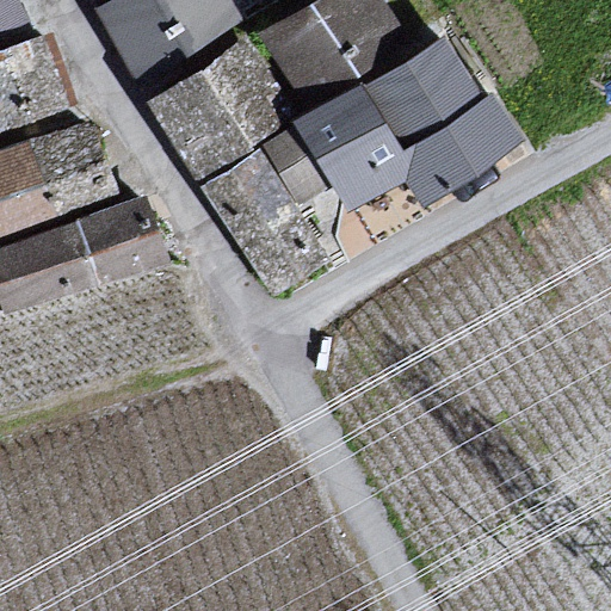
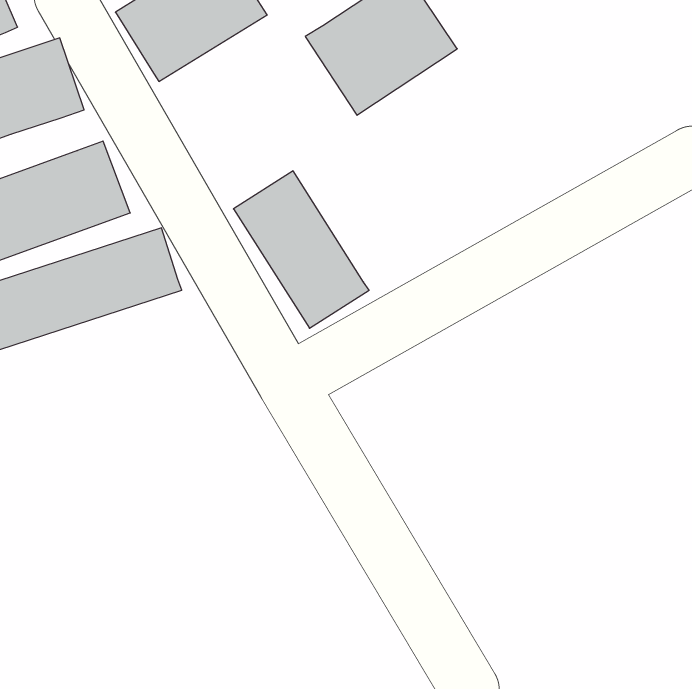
building: [273,36,508,198] -> none
building: [160,49,288,167] -> none

